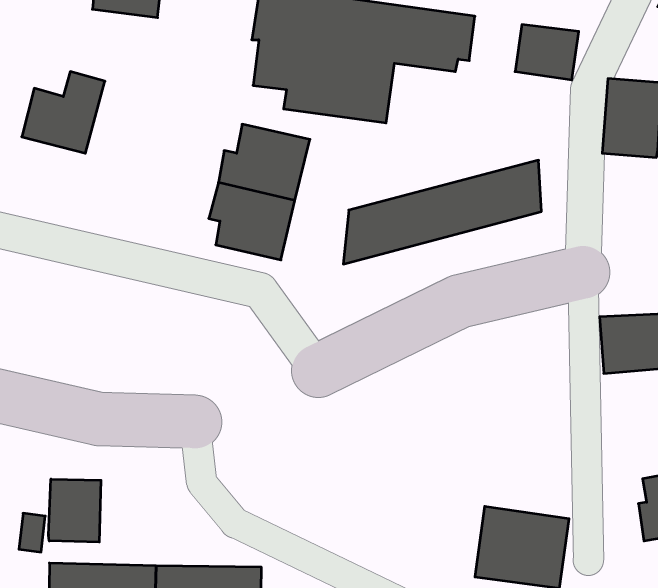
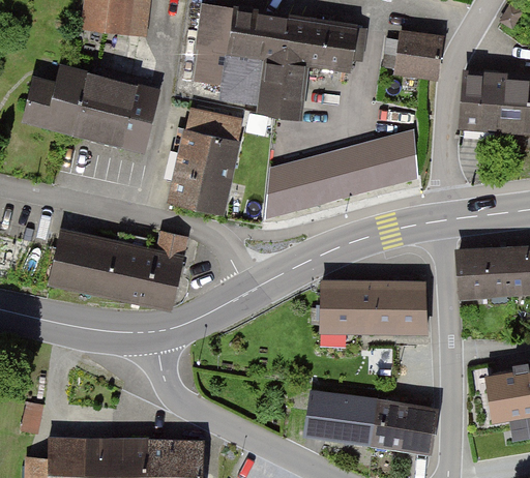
building: none -> [73,78,155,148]
building: none -> [49,233,184,308]
building: none -> [318,280,428,341]
building: [49,479,101,542] -> none
building: none -> [302,387,372,448]

